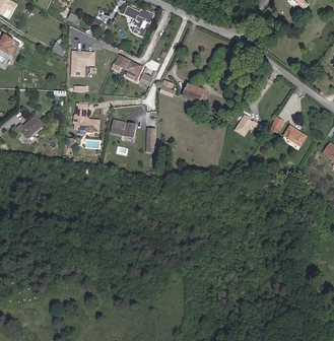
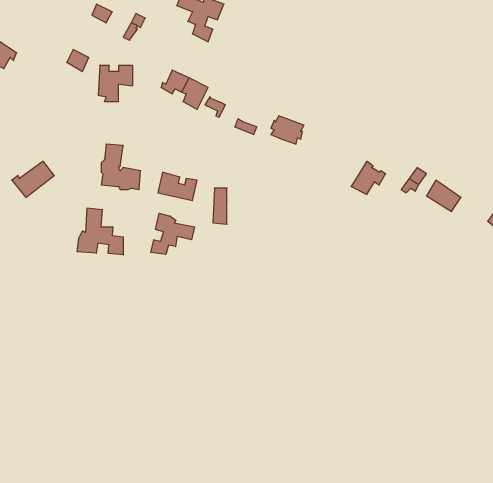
building: none -> [77,208,123,255]
building: none -> [151,213,195,254]

